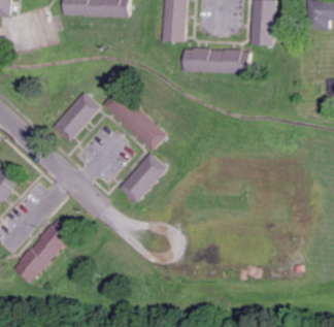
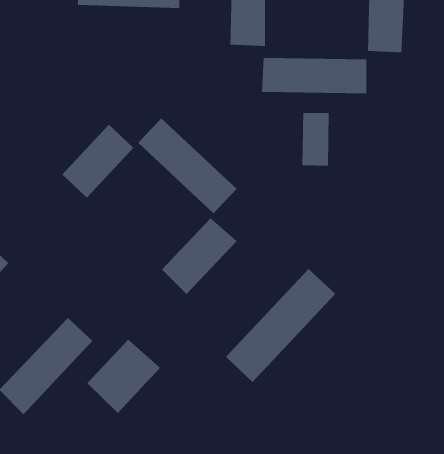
building: none -> [302,112,329,166]
building: none -> [225,268,336,383]
building: none -> [86,339,161,414]

